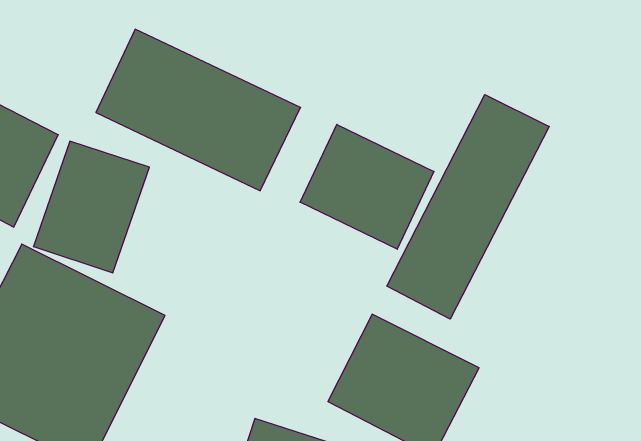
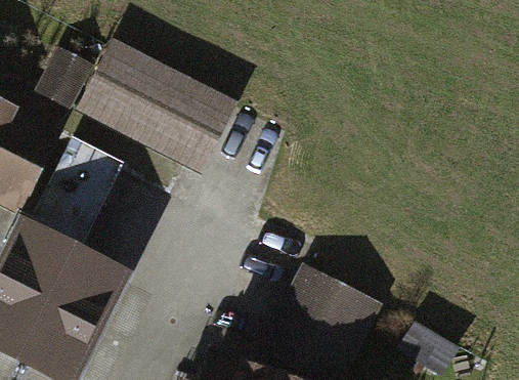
building: [387,95,549,319] -> none
building: [300,124,434,249] -> none

